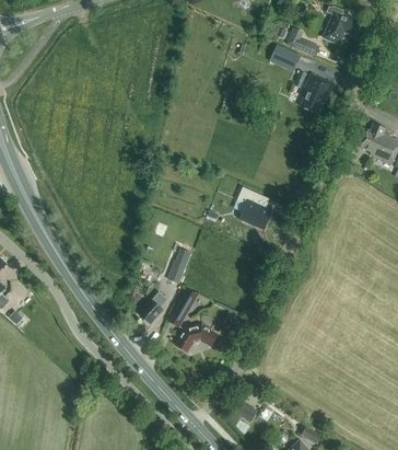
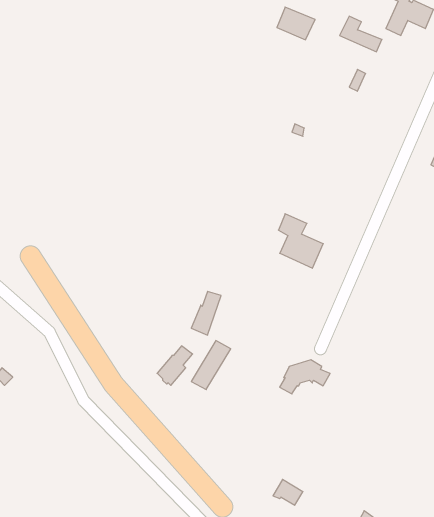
building: [272,45,303,71] -> [277,7,315,40]
building: [301,73,336,114] -> none
building: [177,324,218,351] -> [280,360,330,394]

